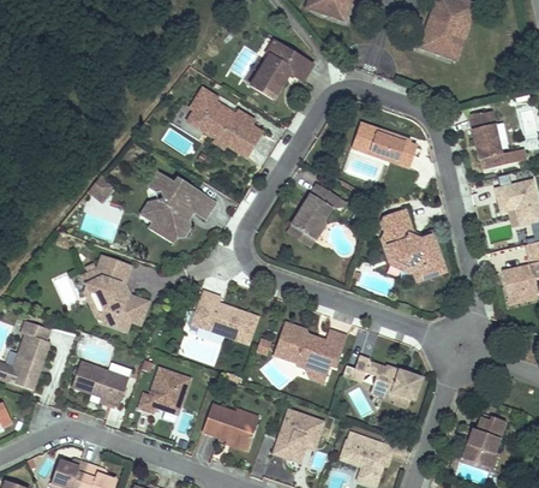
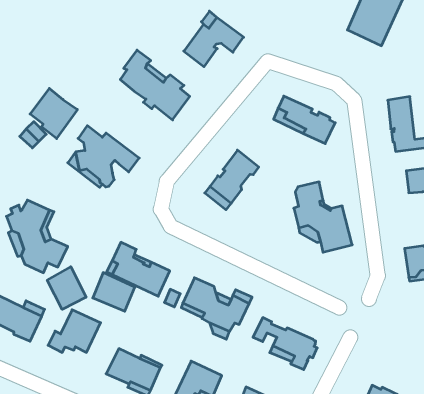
building: none -> [30,88,77,139]
building: none -> [47,267,86,309]

